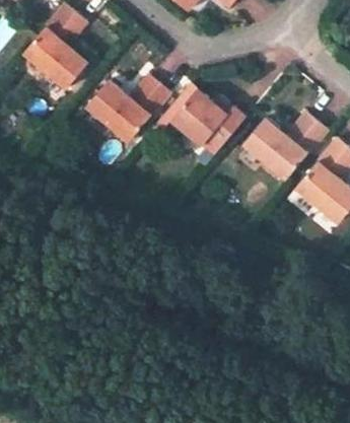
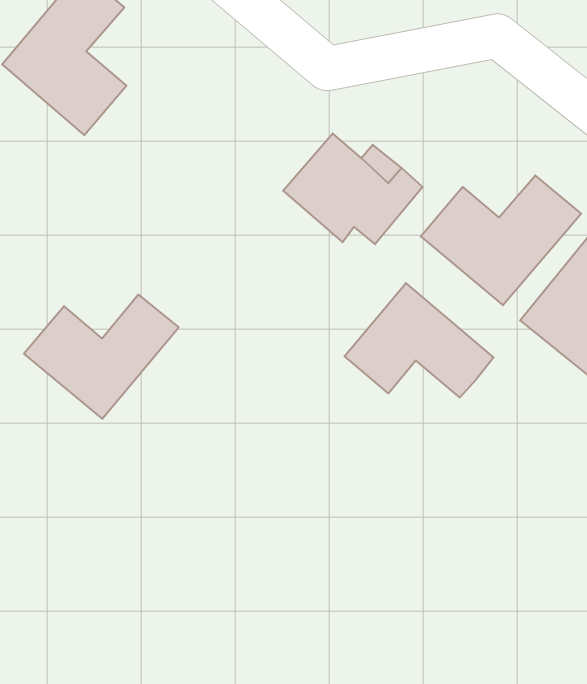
building: [86,76,168,142] -> [24,295,179,419]
building: none -> [344,283,494,398]

